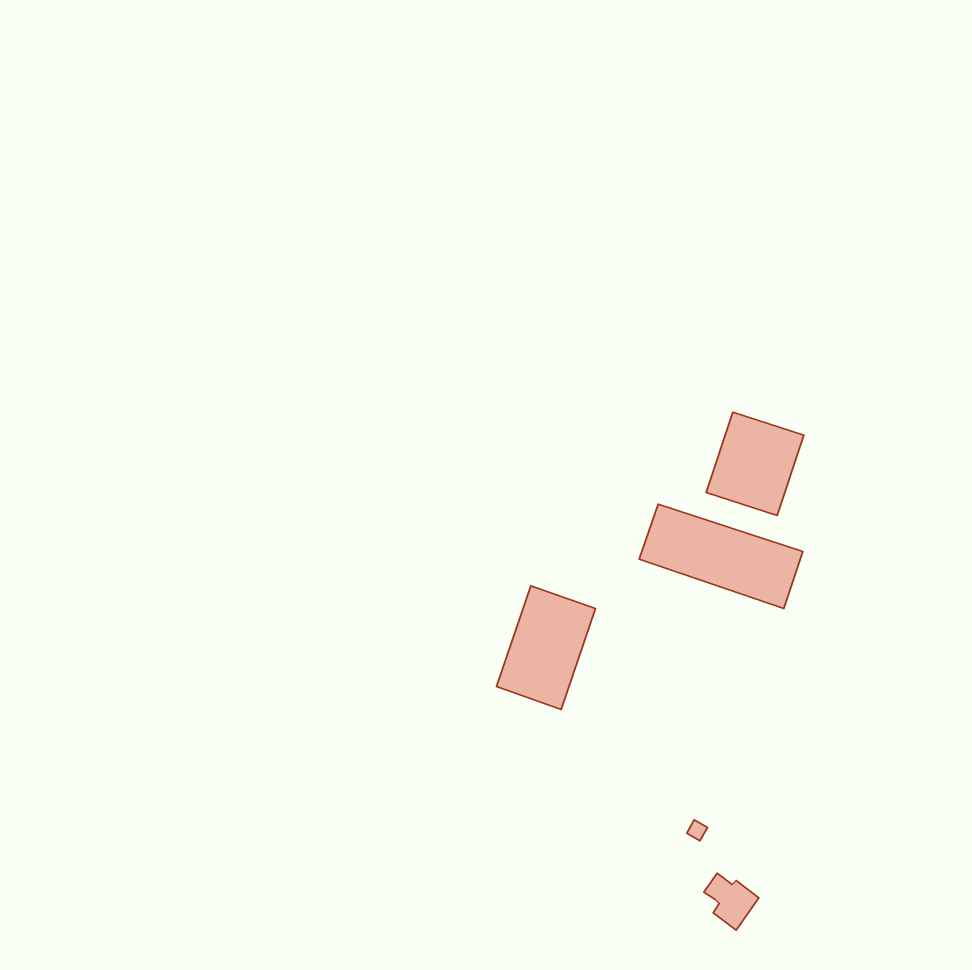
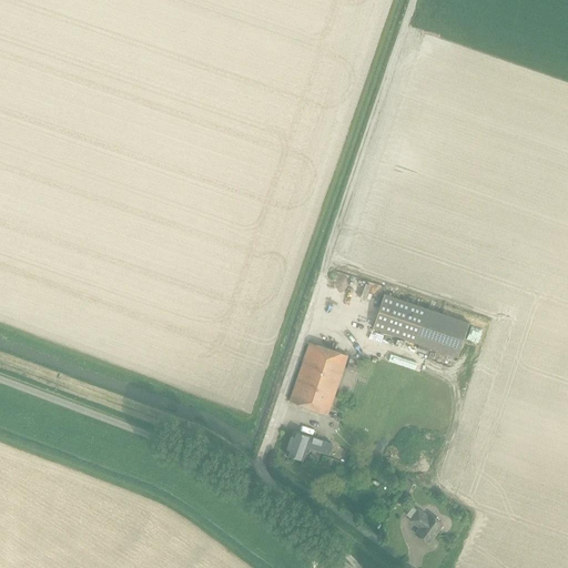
building: [706,412,804,515] -> none
building: none -> [285,430,332,459]

